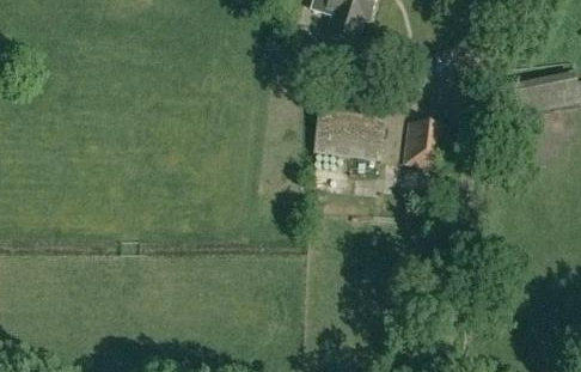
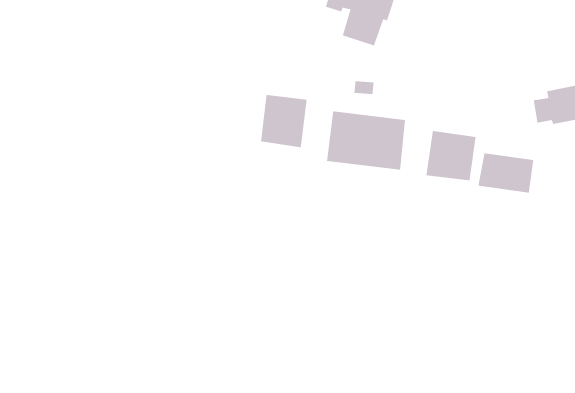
building: none -> [260,94,307,148]
building: none -> [478,153,534,194]

